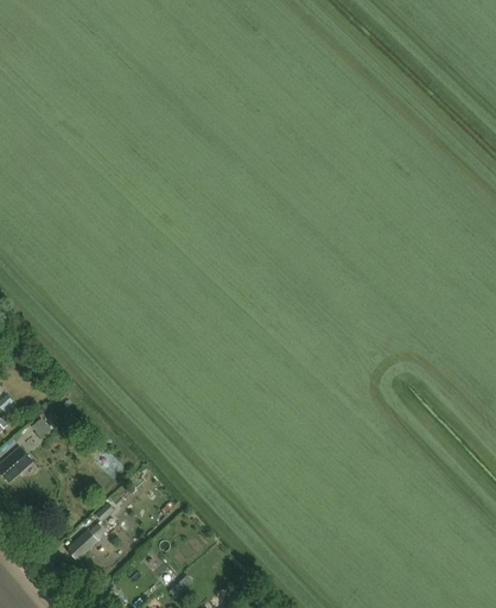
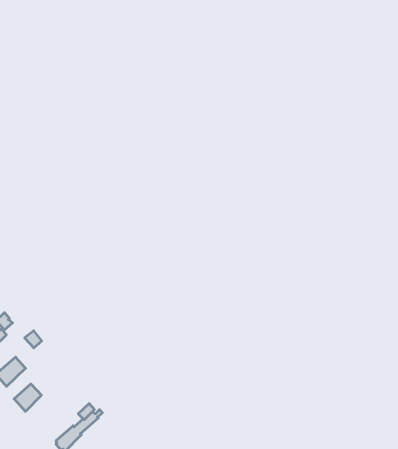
building: none -> [14,384,41,411]

